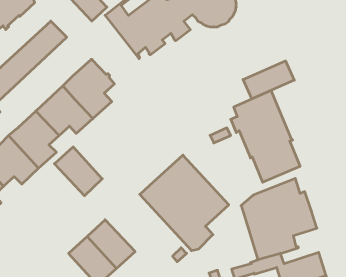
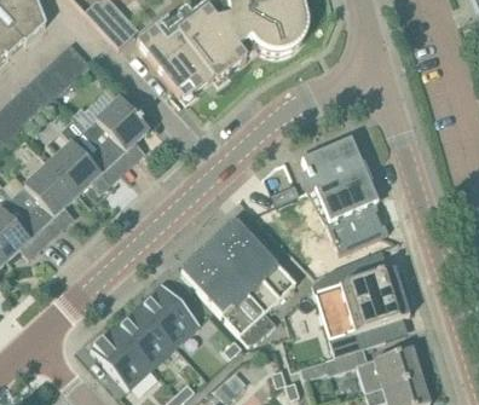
building: [243,61,294,99] -> none
building: [54,147,102,196] -> [137,280,198,343]

